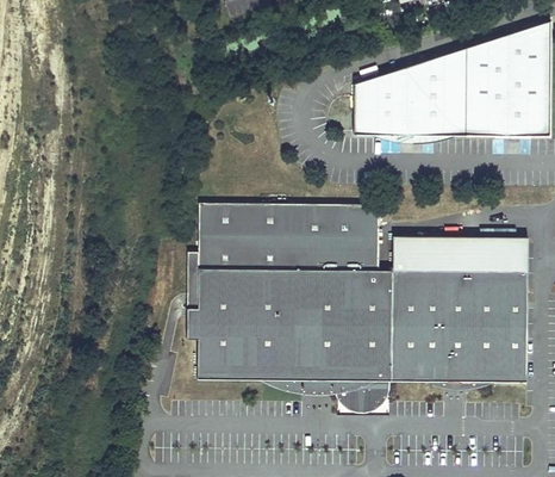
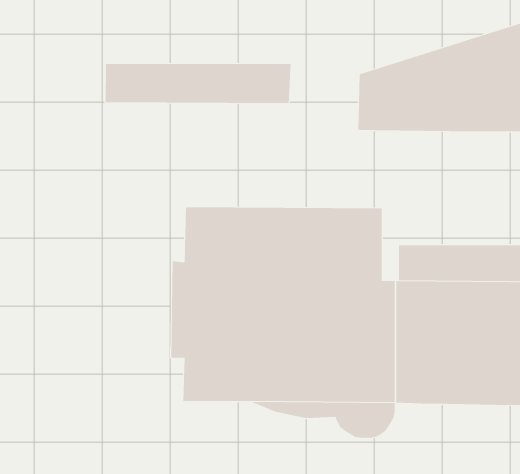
building: none -> [105,63,291,104]

